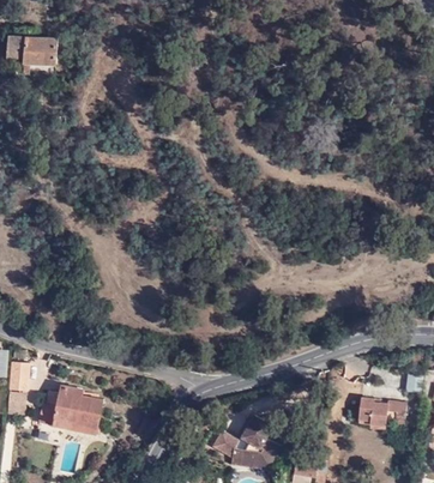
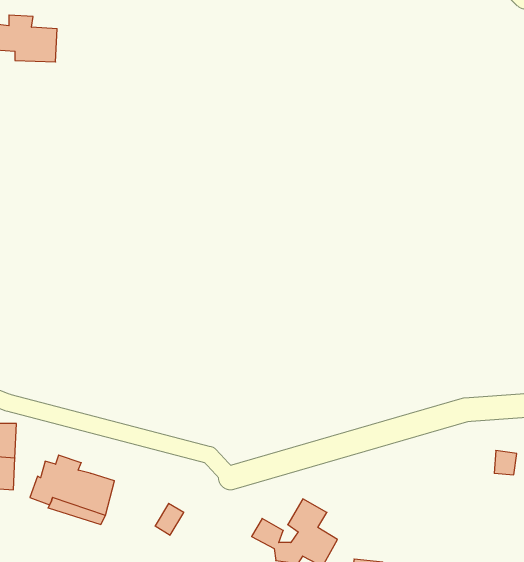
building: [363,400,410,430] -> none

